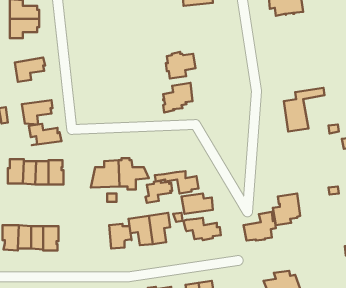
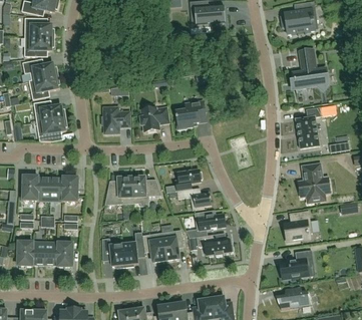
building: none -> [291,48,327,89]
building: none -> [22,59,57,80]
building: [166,52,195,78] -> [139,105,168,131]
building: none -> [101,106,129,132]
building: [29,124,61,145] -> [33,100,65,121]
building: none -> [298,164,330,202]
building: [146,181,172,203] -> [175,169,202,191]
building: [243,212,276,240] -> [280,250,312,278]
building: none -> [101,238,124,266]

